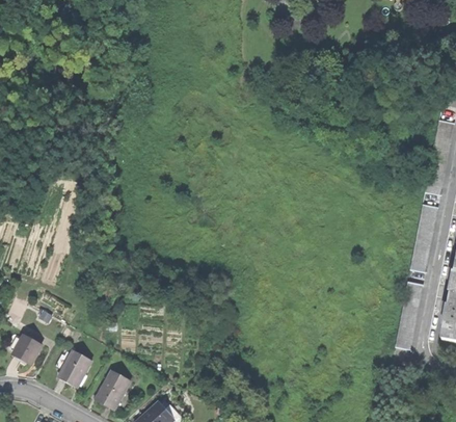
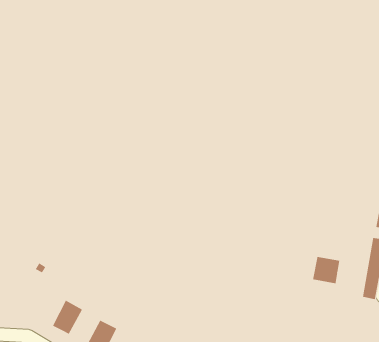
building: none -> [313,256,340,284]
building: [11,334,39,363] -> none

